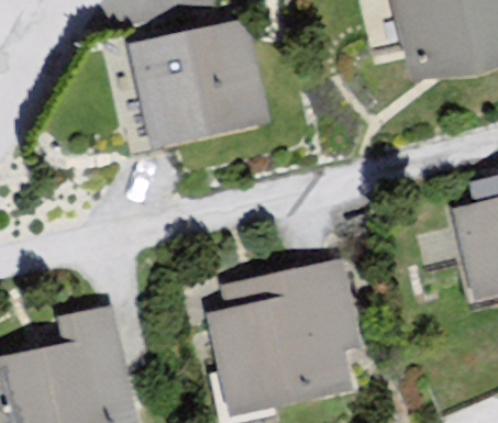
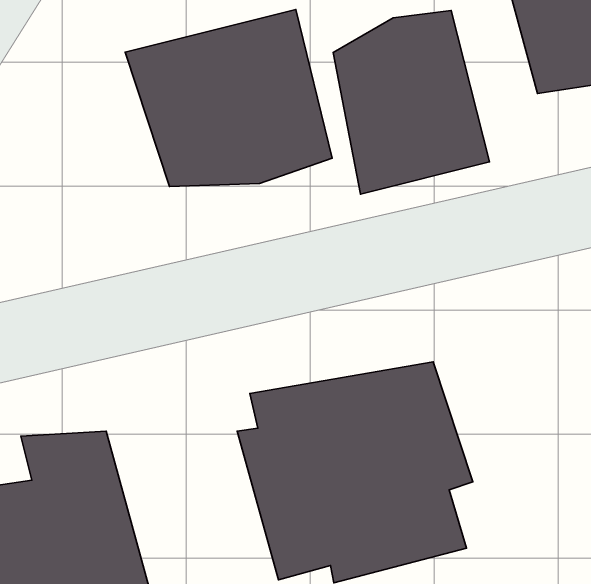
building: none -> [333,10,490,194]

